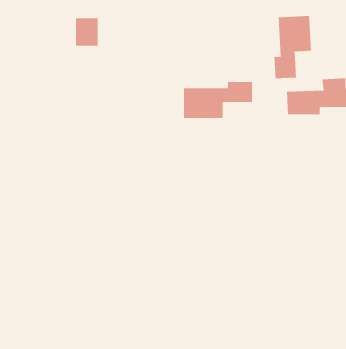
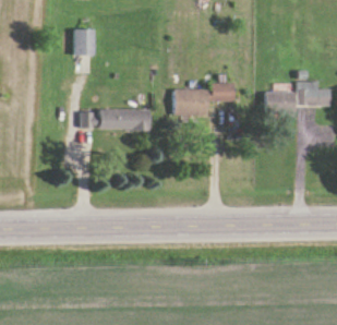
building: [274,15,312,79] -> none
building: none -> [81,110,151,130]

